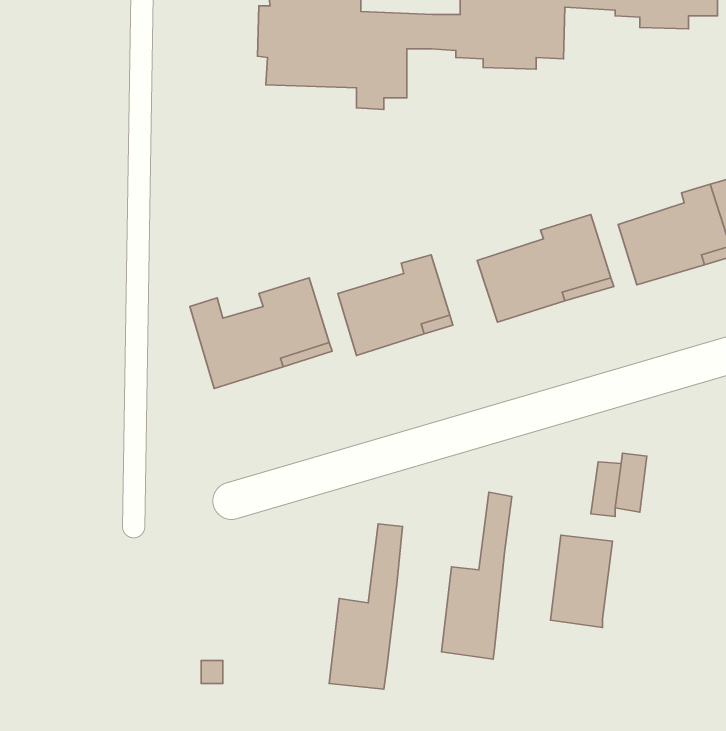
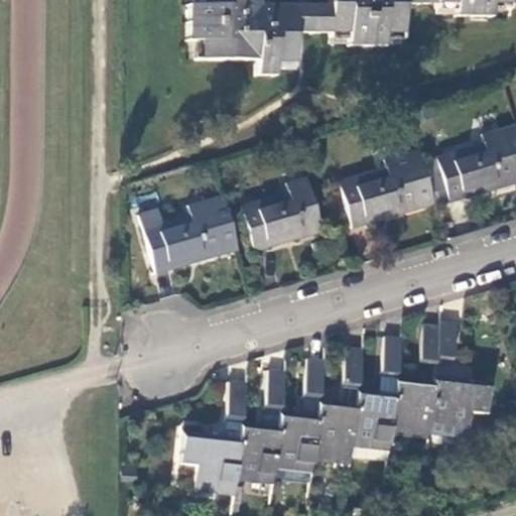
building: none -> [353,334,403,459]
building: none -> [277,357,327,473]
building: none -> [428,373,492,438]
building: none -> [182,378,249,495]

